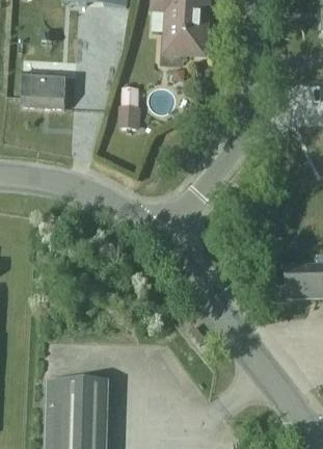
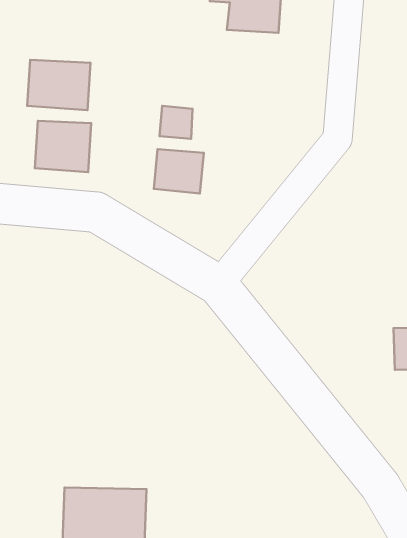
building: none -> [35,121,91,172]
building: none -> [154,149,204,194]

